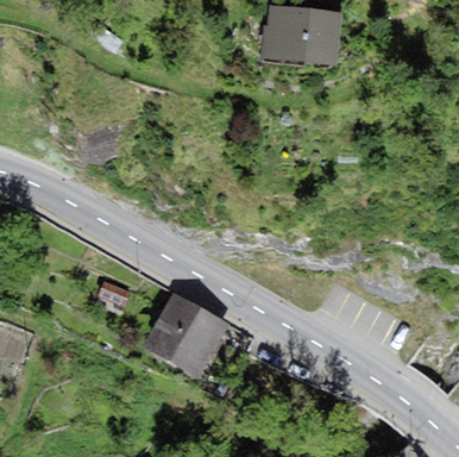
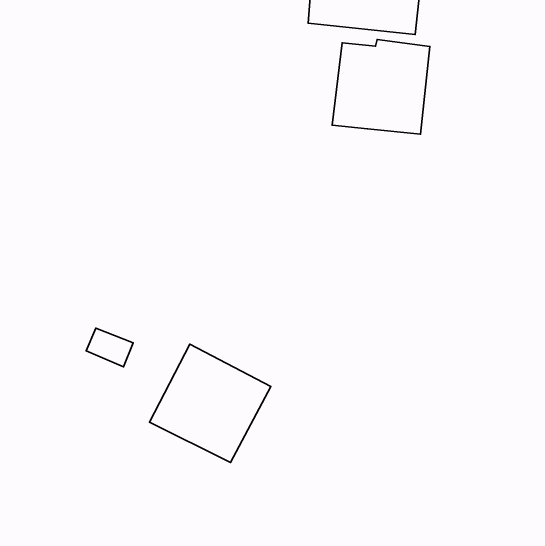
building: none -> [332,40,430,134]

